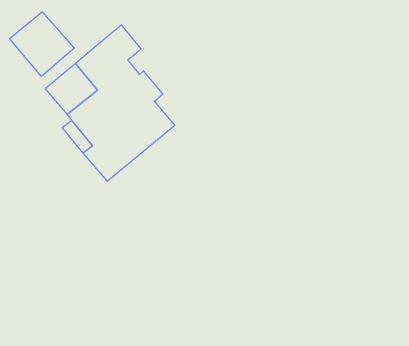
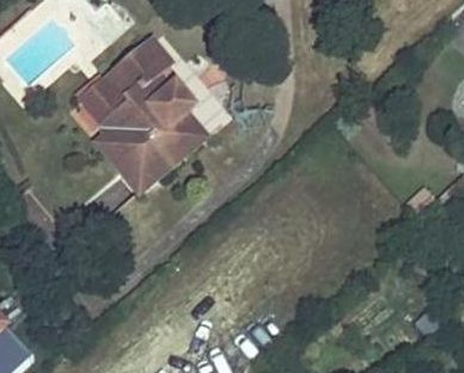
building: [9,12,74,77] -> none

